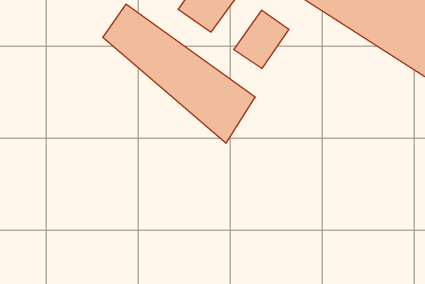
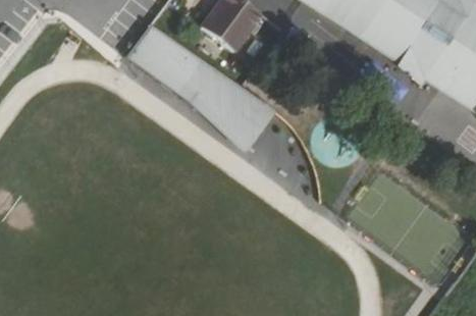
building: [234,10,289,69] -> none

